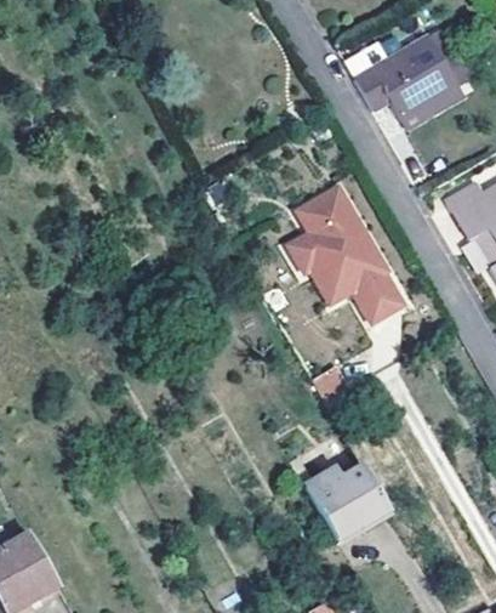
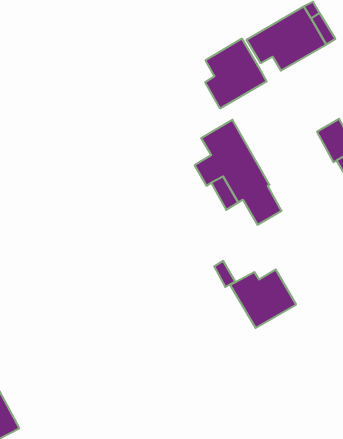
building: none -> [205,39,267,108]
building: [306,465,392,541] -> [230,269,296,328]

